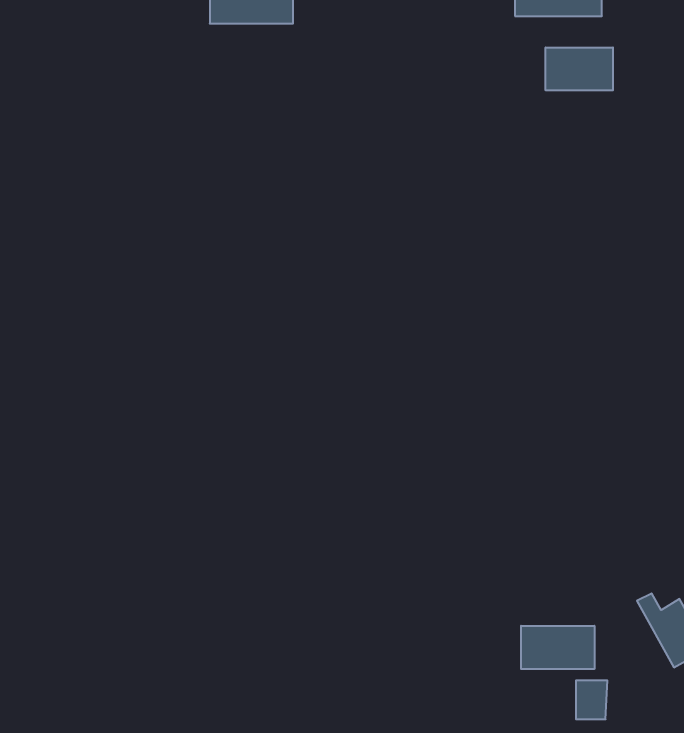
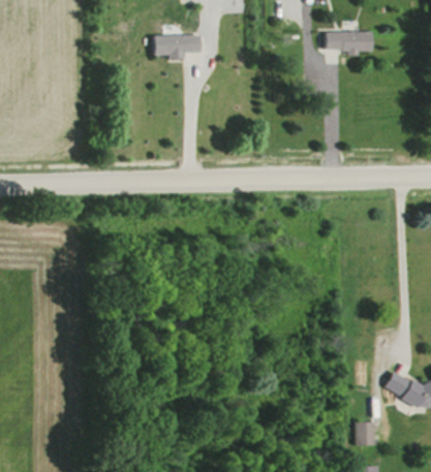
building: [546,47,613,90] -> none
building: [521,626,594,669] -> none

